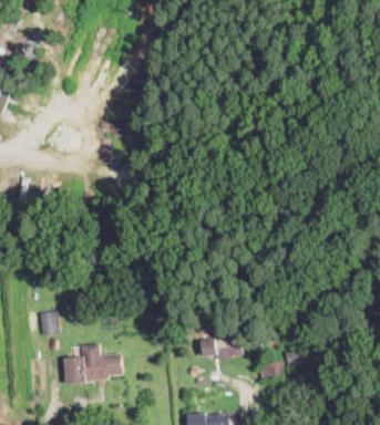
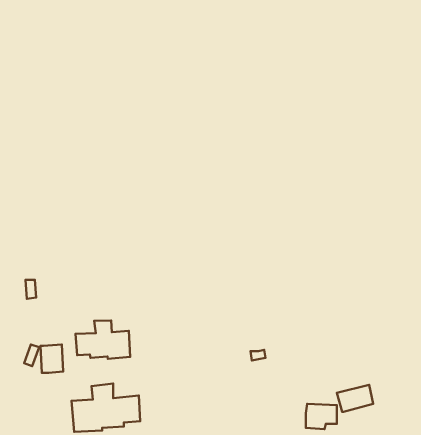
building: none -> [75,321,130,359]
building: [202,338,242,360] -> none

